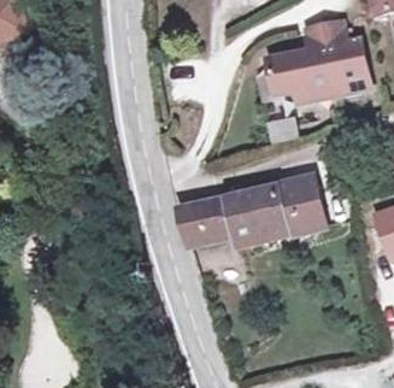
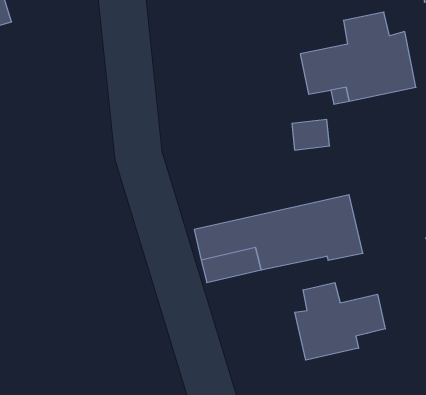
building: none -> [295,283,385,360]

